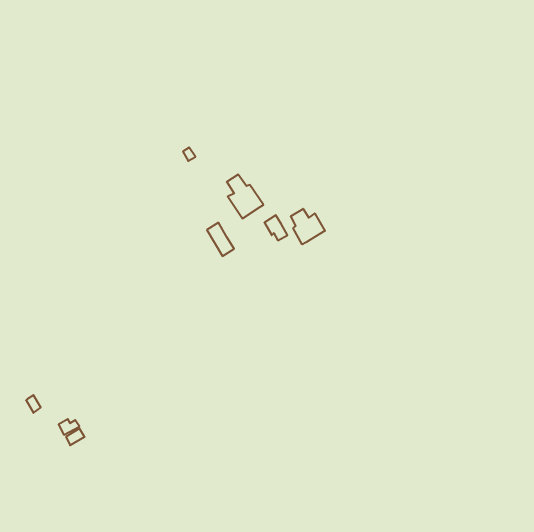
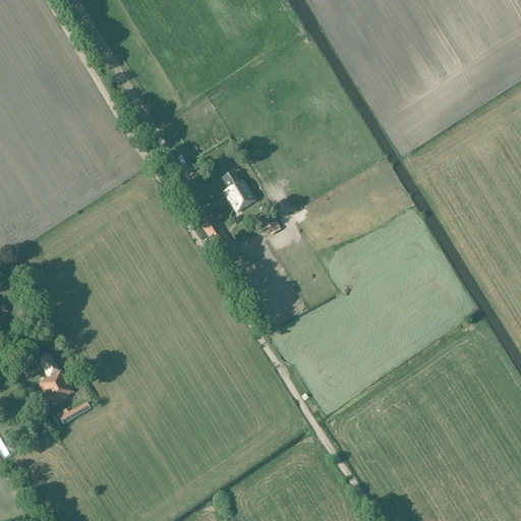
building: [291,209,325,244] -> none
building: none -> [39,353,73,403]

